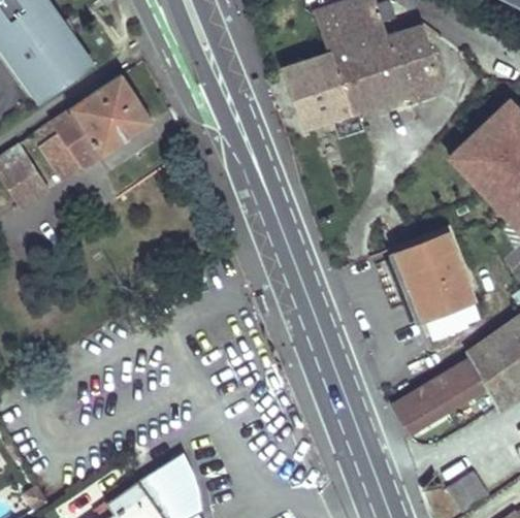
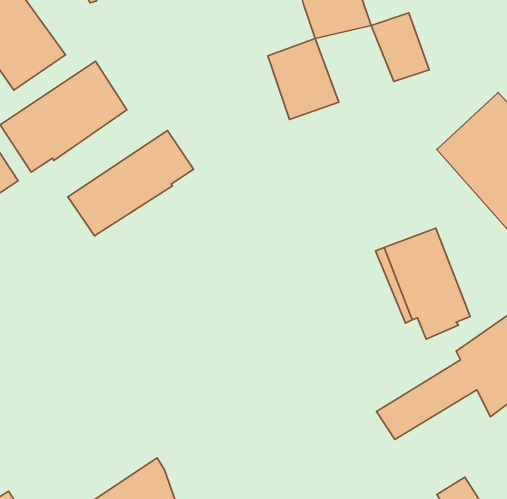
building: [332,38,408,111] -> none
building: none -> [68,131,193,236]

